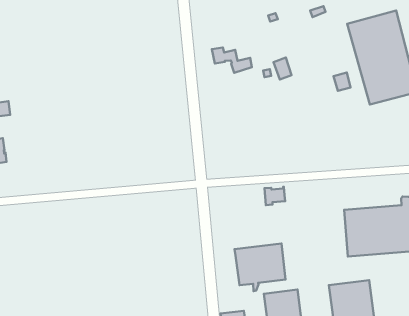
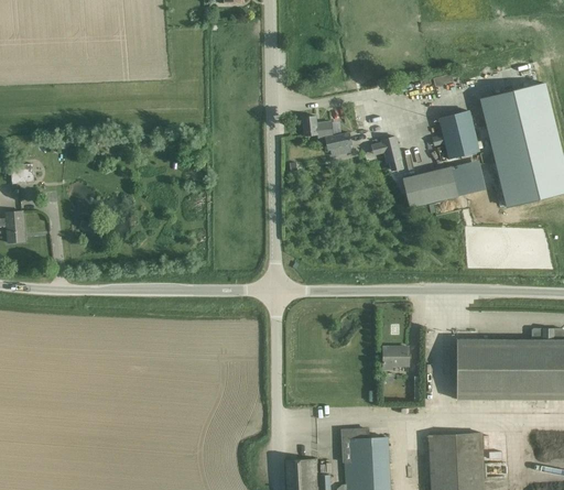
building: none -> [440,111,480,160]
building: none -> [403,167,459,208]
building: [264,187,285,205] -> [384,348,410,370]
building: [235,243,286,291] -> none

